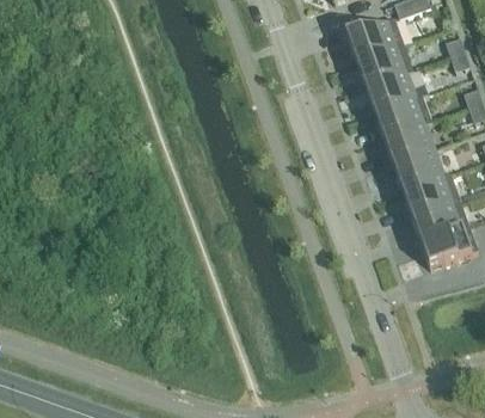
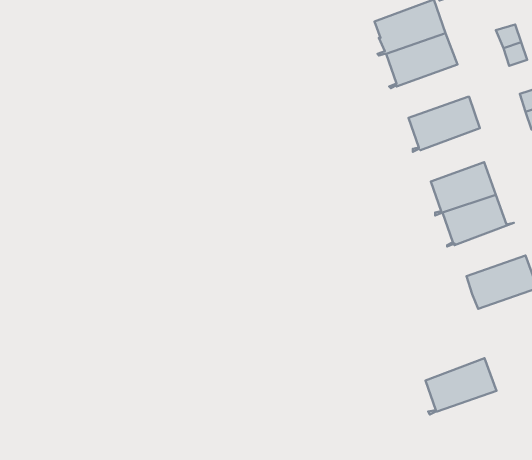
building: [364,69,428,113] -> none
building: [383,121,435,165] -> none
building: [411,197,468,242] -> [425,358,497,414]

